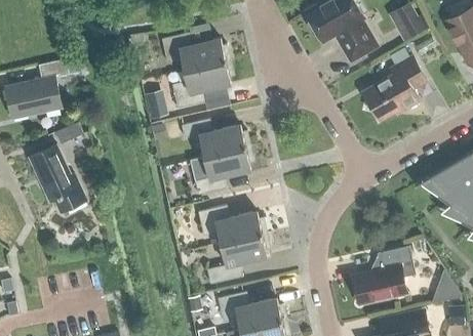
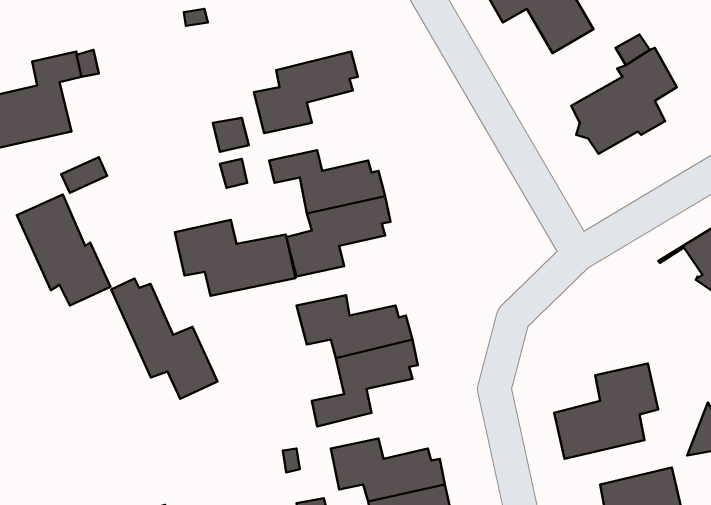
building: [162,33,230,71] -> none
building: none -> [175,220,295,296]
building: none -> [111,278,218,399]

